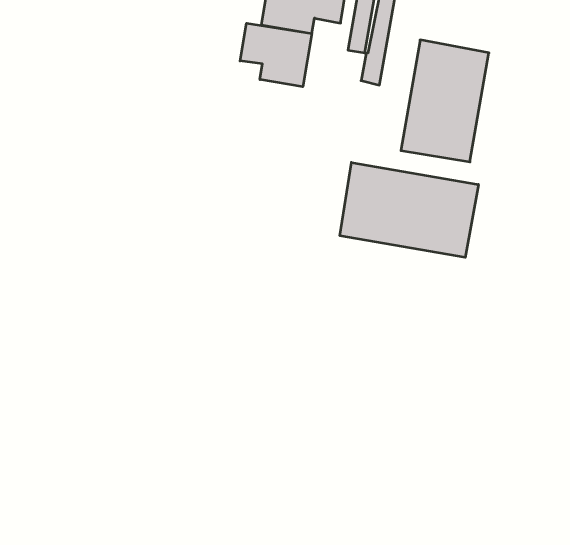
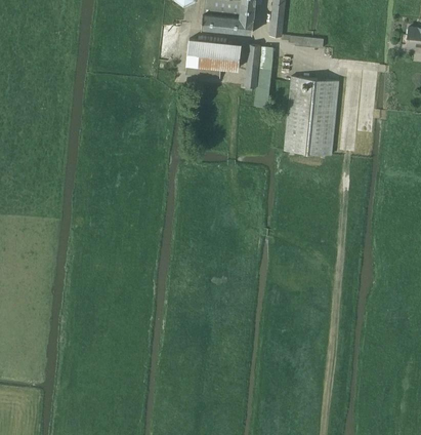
building: [240,23,312,87] -> none
building: [340,162,478,257] -> none

